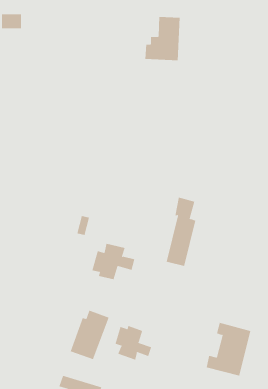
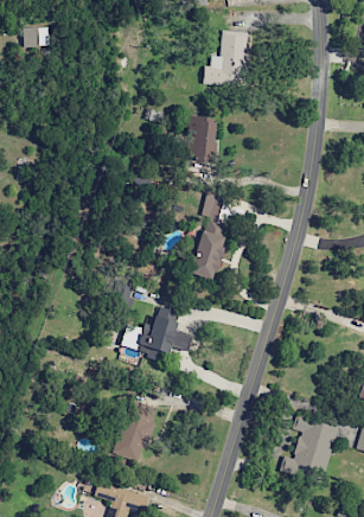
building: none -> [187,116,215,160]
building: [166,197,196,267] -> [191,192,229,280]
building: [115,325,152,361] -> none

